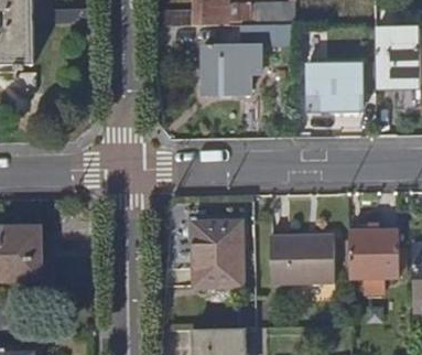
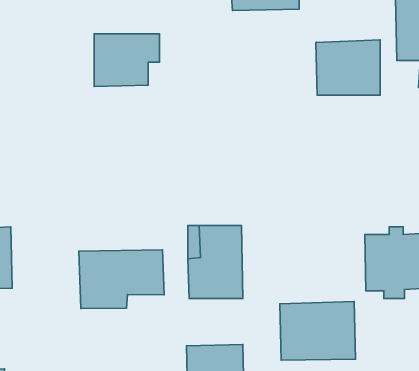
building: [204,49,260,94] -> [94,34,160,86]
building: [269,233,334,283] -> [280,301,355,360]
building: none -> [79,250,164,308]

